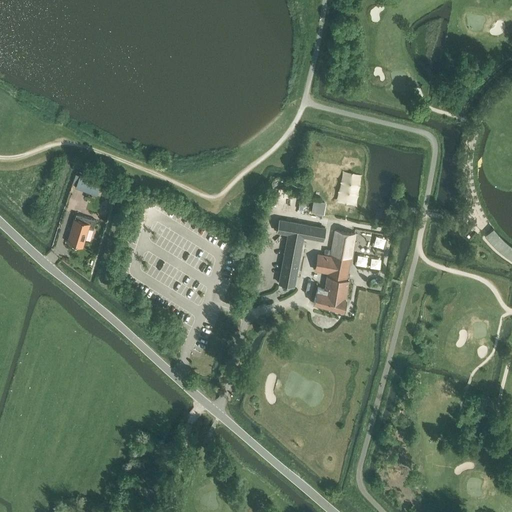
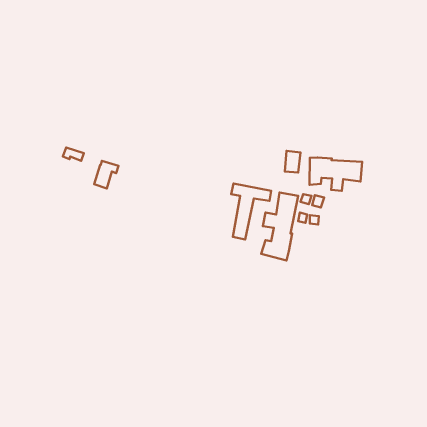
building: none -> [309,158,362,191]
building: [66,215,95,248] -> [94,161,119,188]

